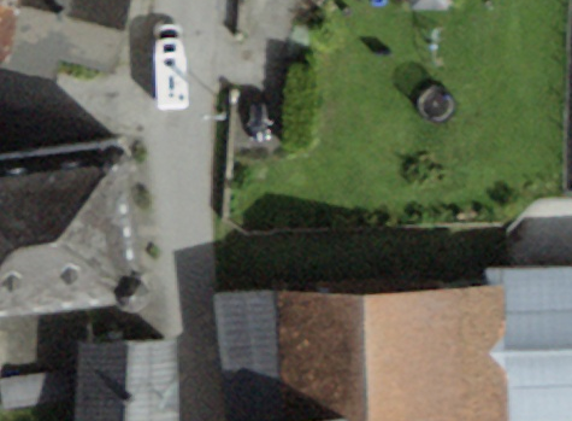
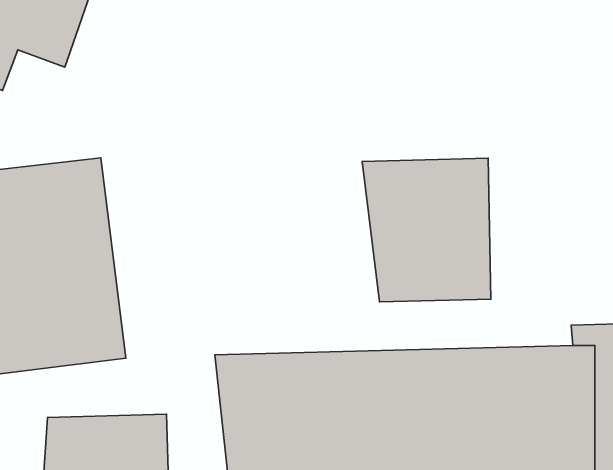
building: none -> [362,158,491,302]

